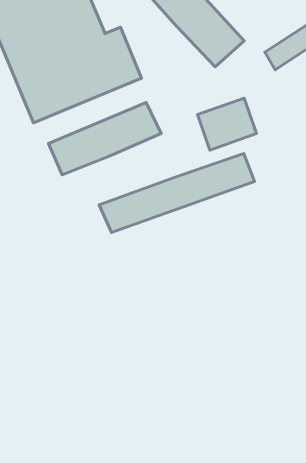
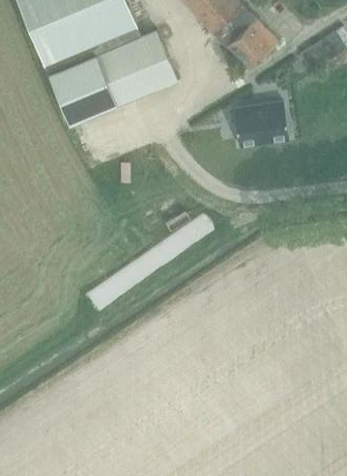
building: [48,103,161,175] -> none
building: [99,153,254,232] -> none

